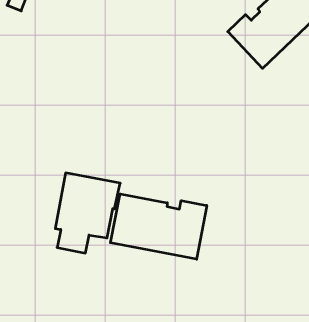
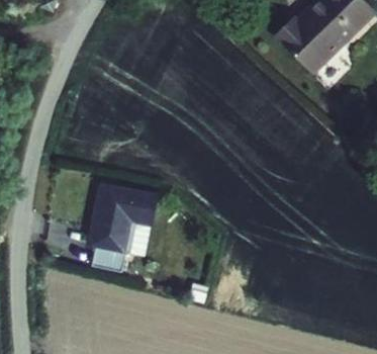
building: [110,194,207,259] -> none

